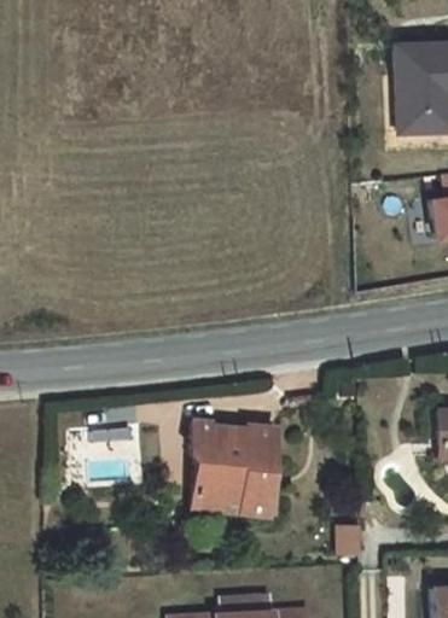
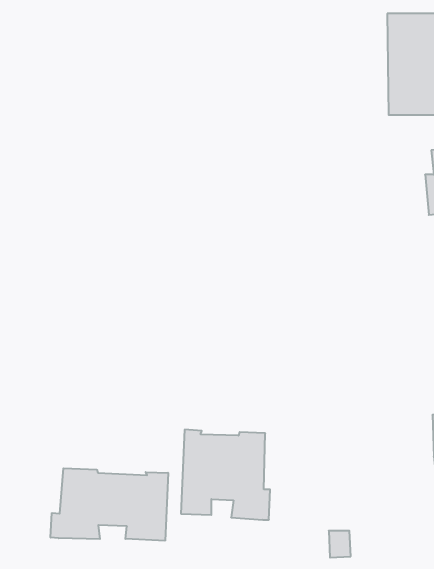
building: none -> [51,468,168,541]

